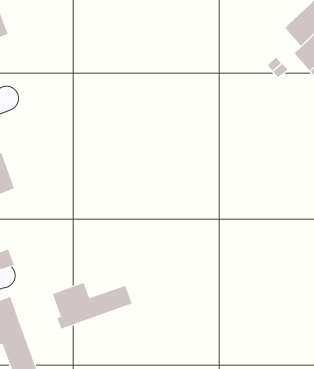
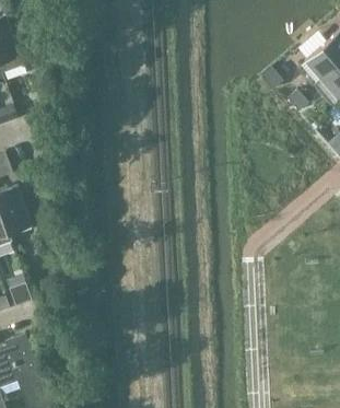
building: [52,282,133,330] -> none

